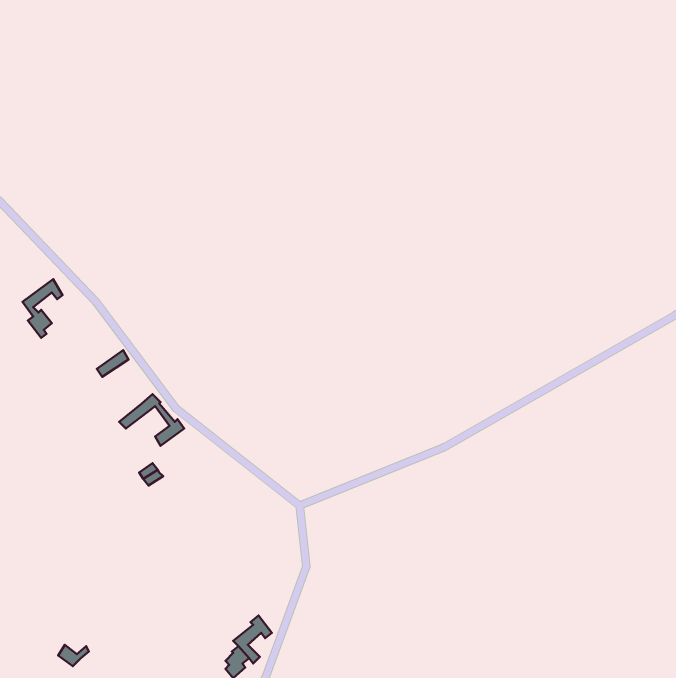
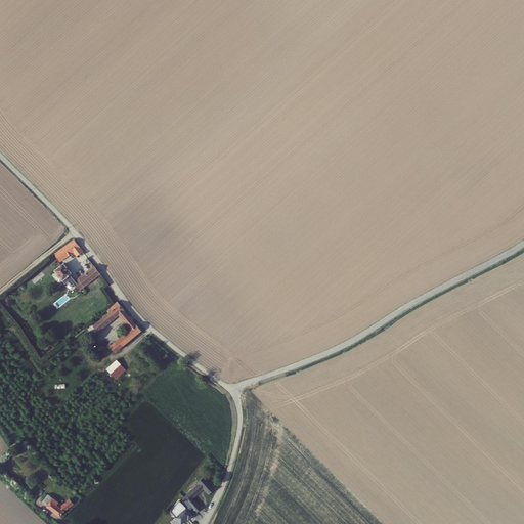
building: [23,279,62,338] -> [53,242,84,287]

